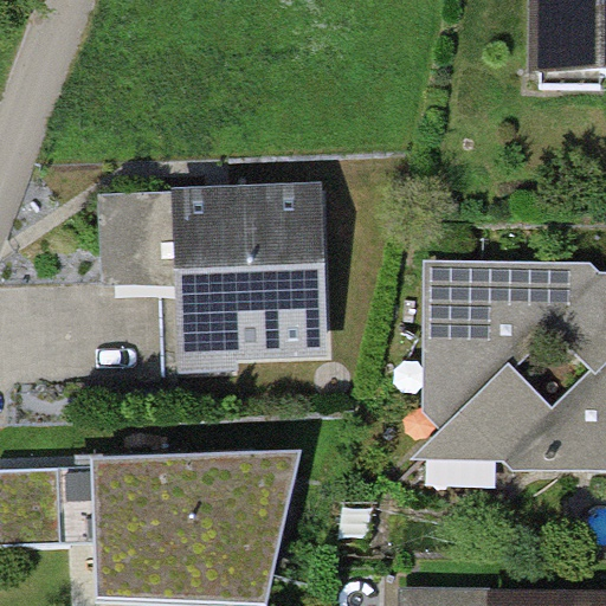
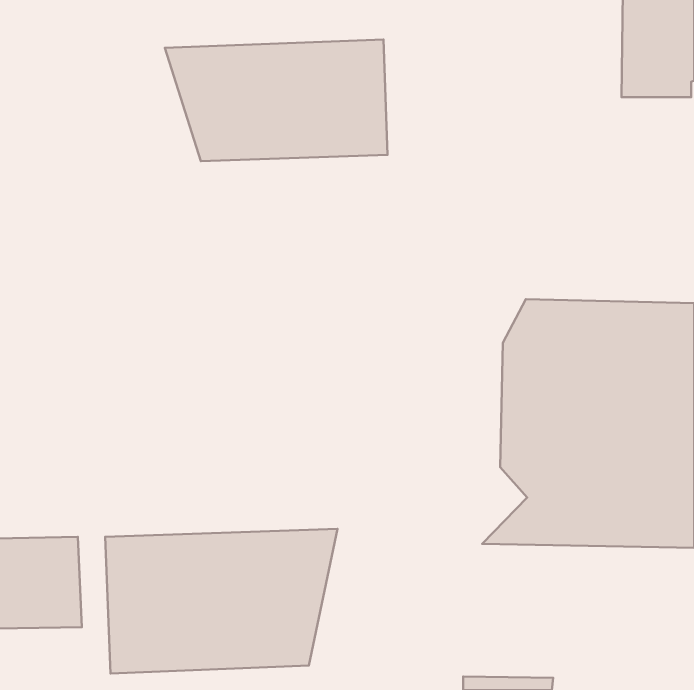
building: none -> [165,39,387,161]
building: [108,195,321,347] -> none

